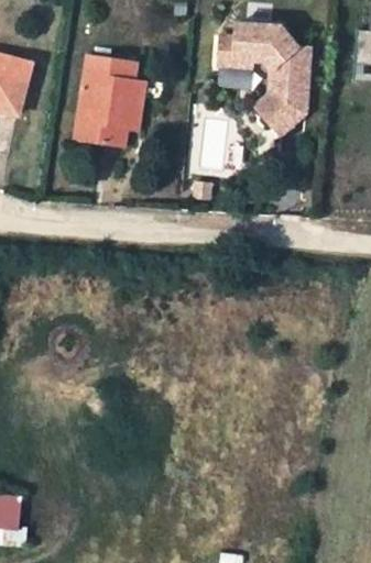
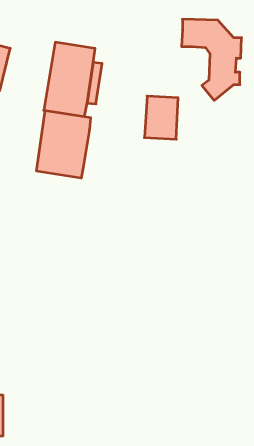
building: [218,36,257,73] -> none
building: none -> [37,110,91,178]

